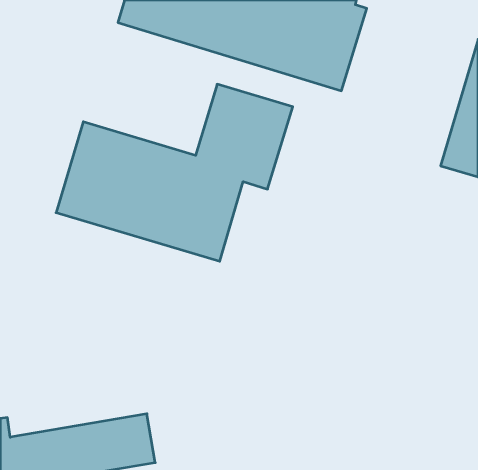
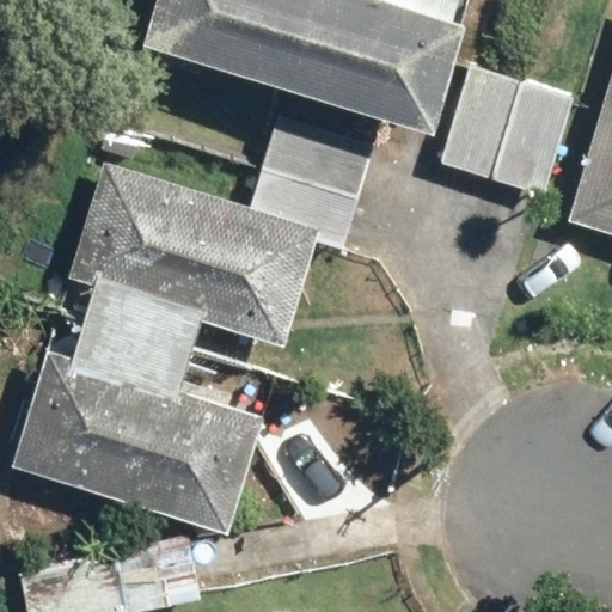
building: none -> [439,66,571,197]
building: none -> [11,345,267,534]

